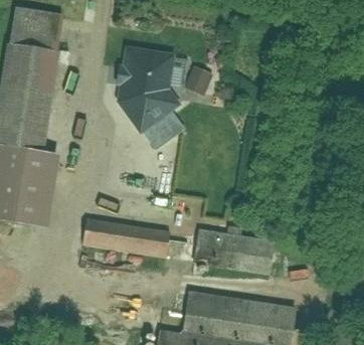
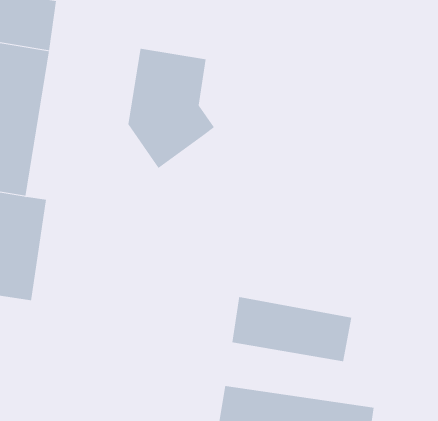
building: [183,65,213,96] -> none
building: [143,111,185,150] -> none
building: [81,218,175,257] -> none

